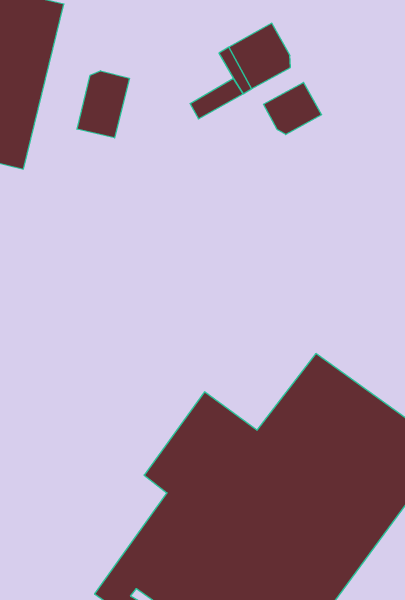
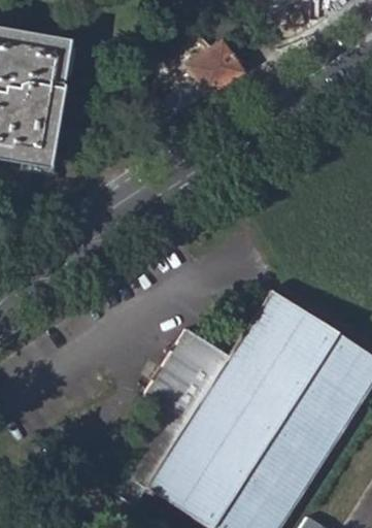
building: [77,71,129,138] -> none
building: [264,82,322,135] -> none

